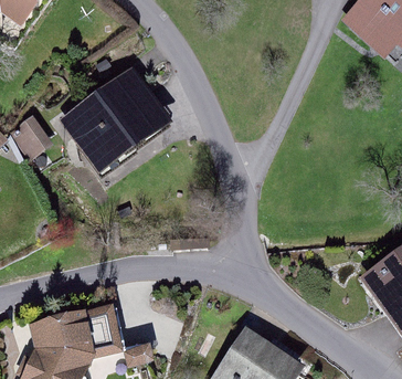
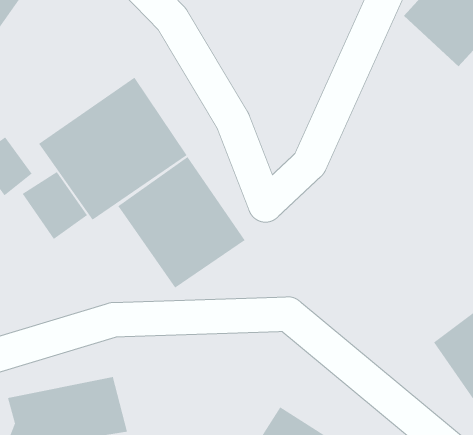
building: none -> [118,156,246,288]
building: none -> [22,171,88,240]

